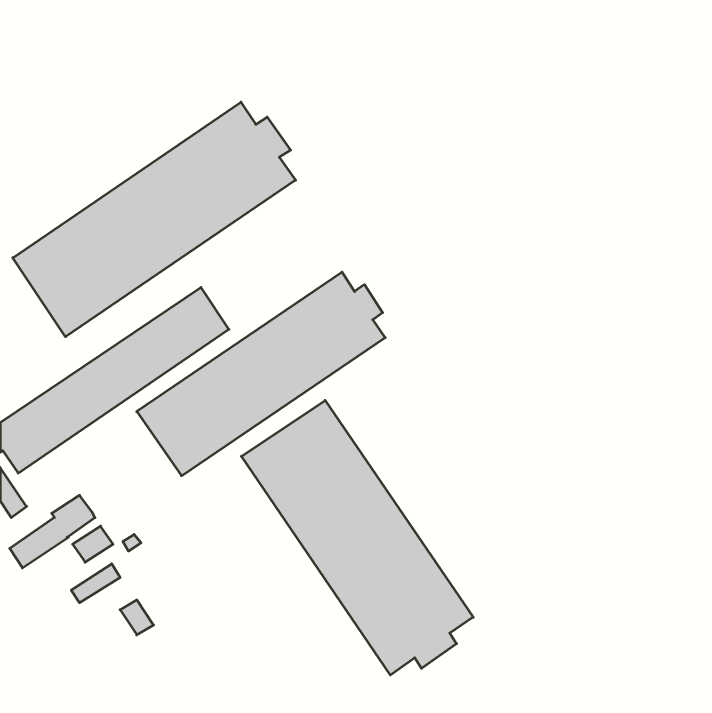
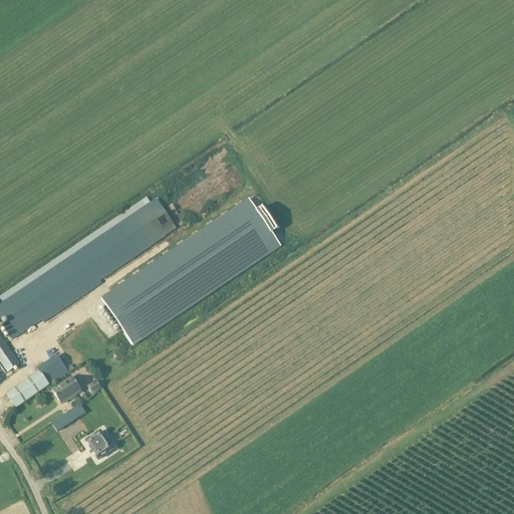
building: [13,102,296,337] -> none
building: [241,400,473,675] -> none

